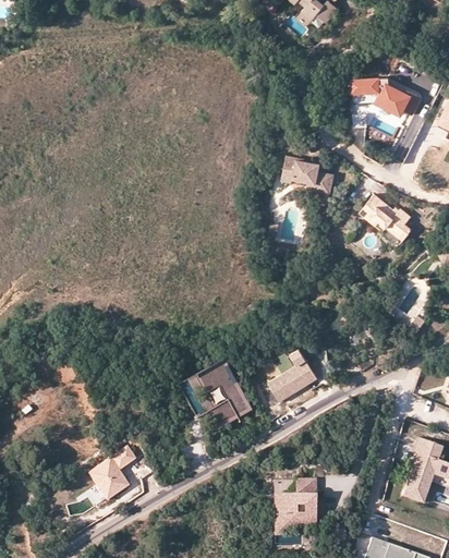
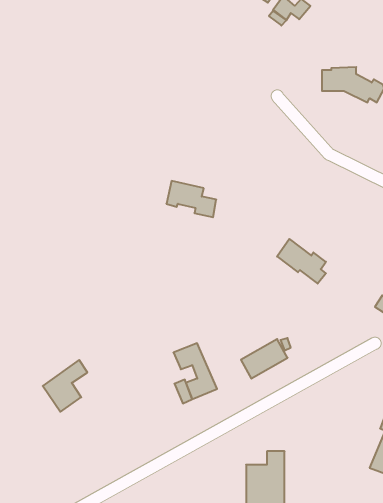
building: [282,156,335,194] -> [166,181,216,217]
building: [361,196,412,243] -> [277,239,326,284]
building: [88,445,135,499] -> [43,360,87,412]

